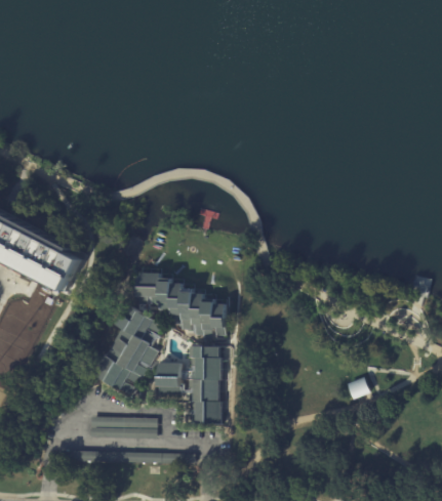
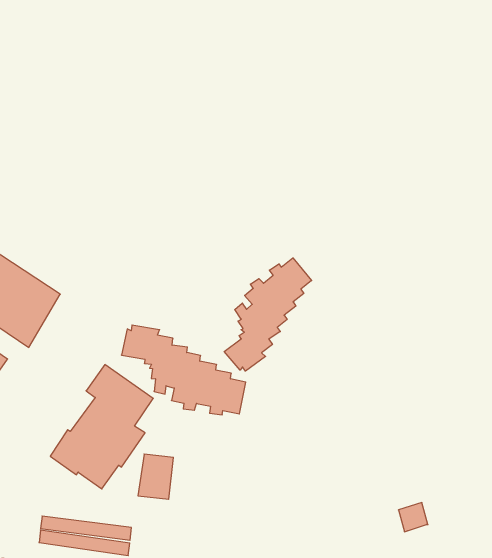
building: none -> [224,258,312,371]
building: [189,346,222,424] -> none

